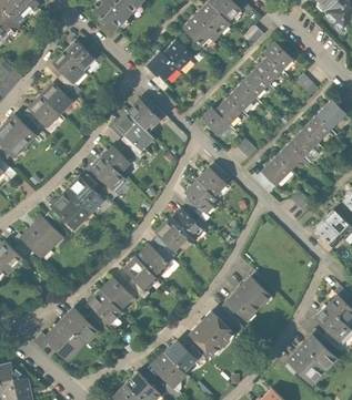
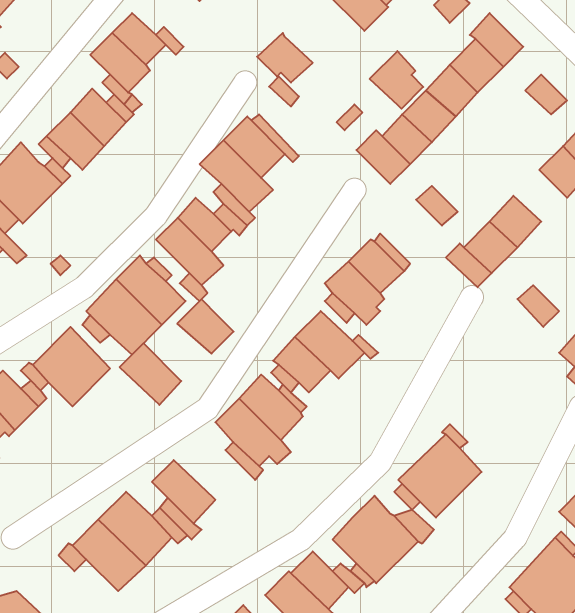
building: [161,38,191,70] -> [370,51,423,109]
building: [289,127,319,156] -> none
building: none -> [177,299,234,354]
building: [99,276,133,310] -> [120,343,181,405]

